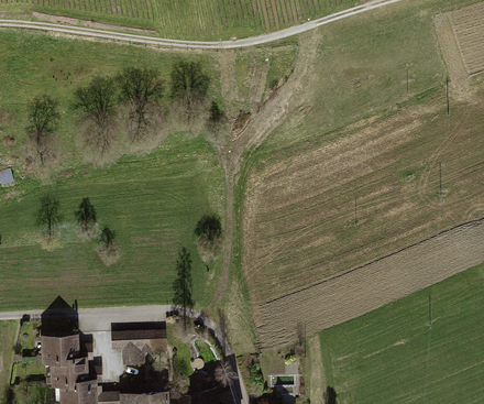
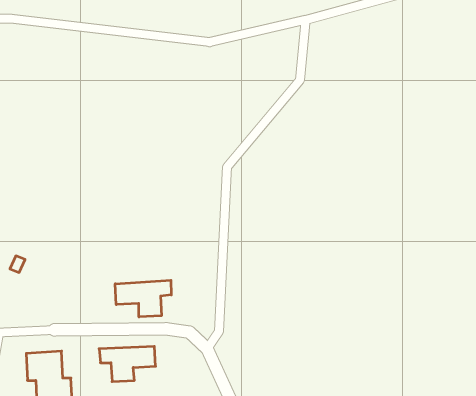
building: none -> [115,280,171,317]

